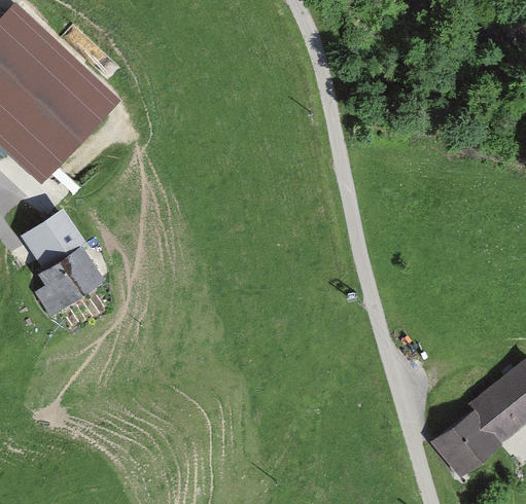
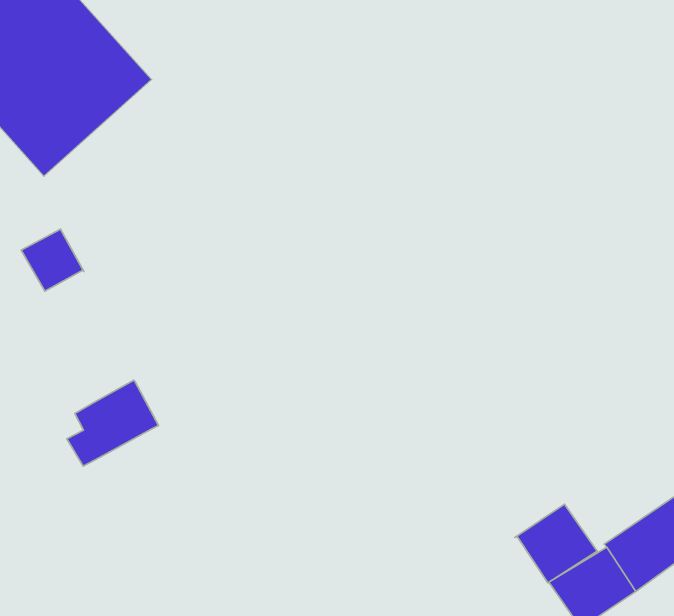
building: [34,246,99,311] -> [67,380,159,466]
building: none -> [515,504,597,583]

